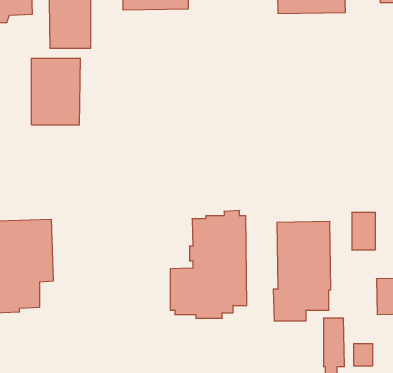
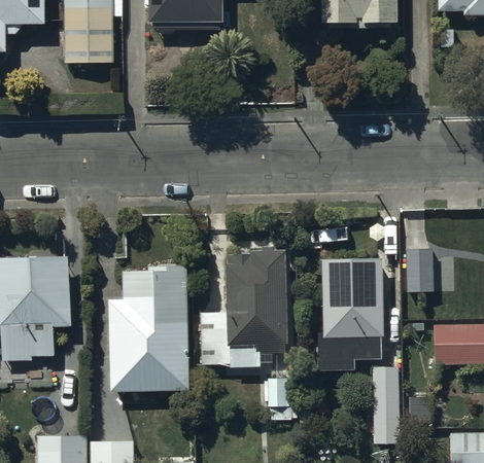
building: [32,58,80,125] -> none
building: none -> [108,266,189,393]

